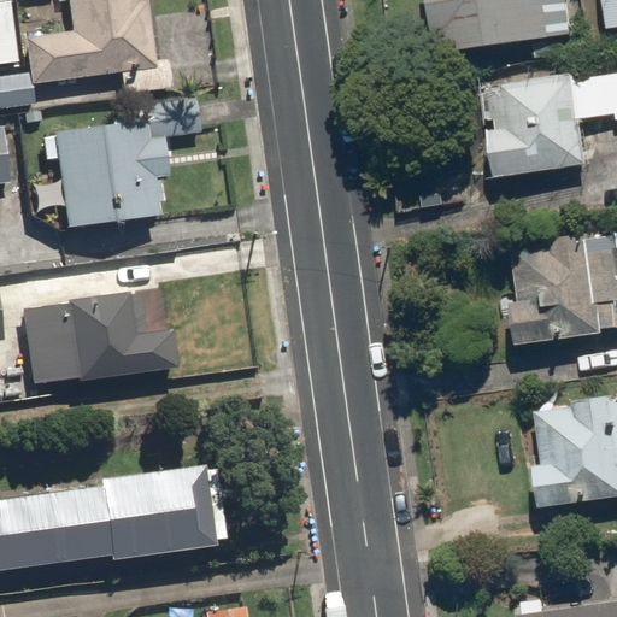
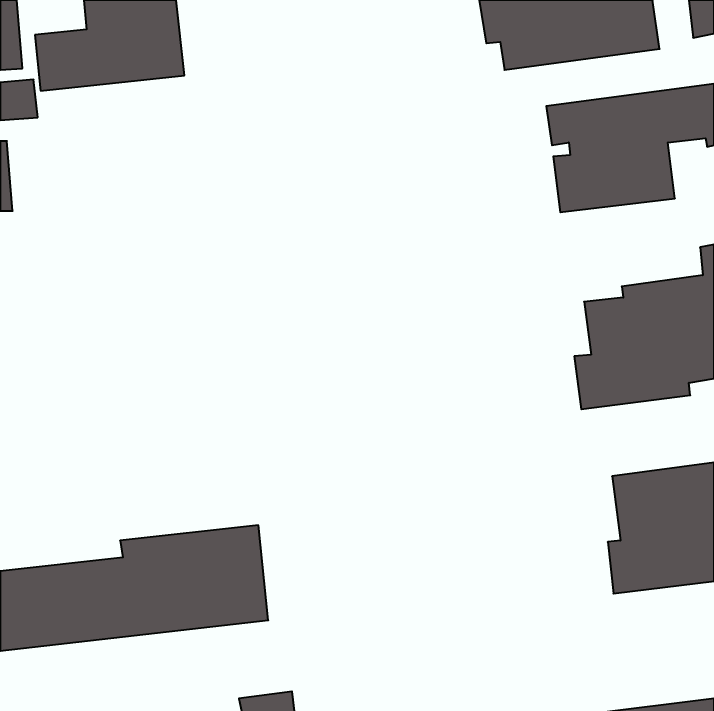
building: [57,117,177,224] -> none
building: [22,282,184,384] -> none

